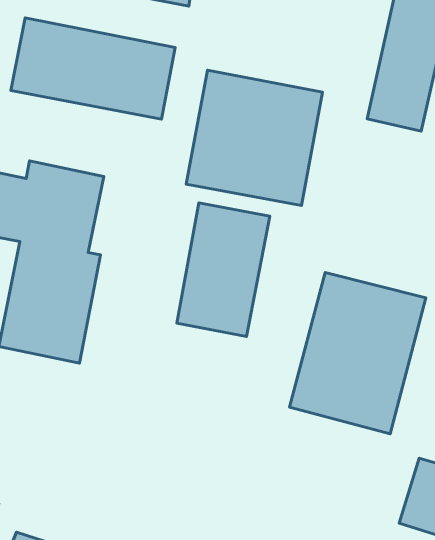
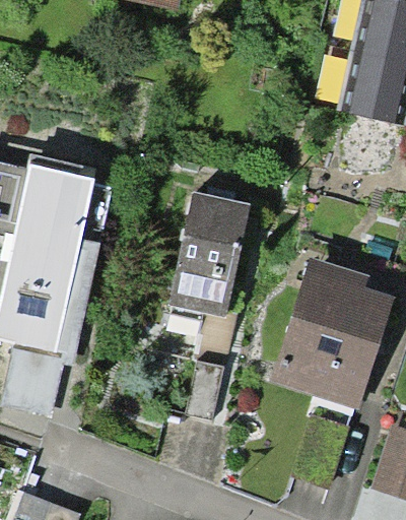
building: [11,18,175,119] -> none
building: [186,70,323,205] -> none

